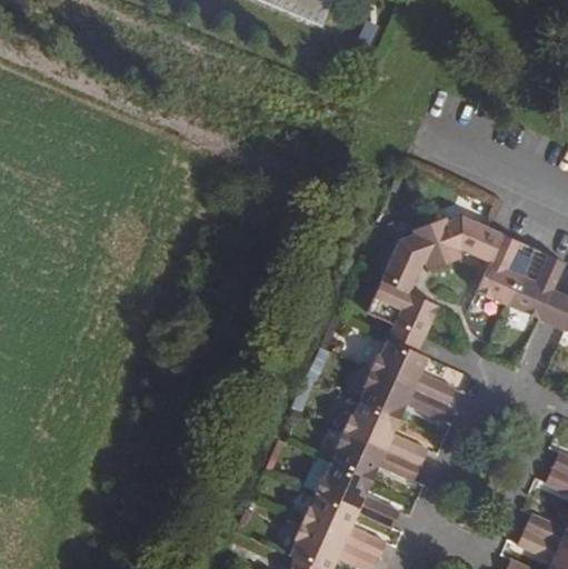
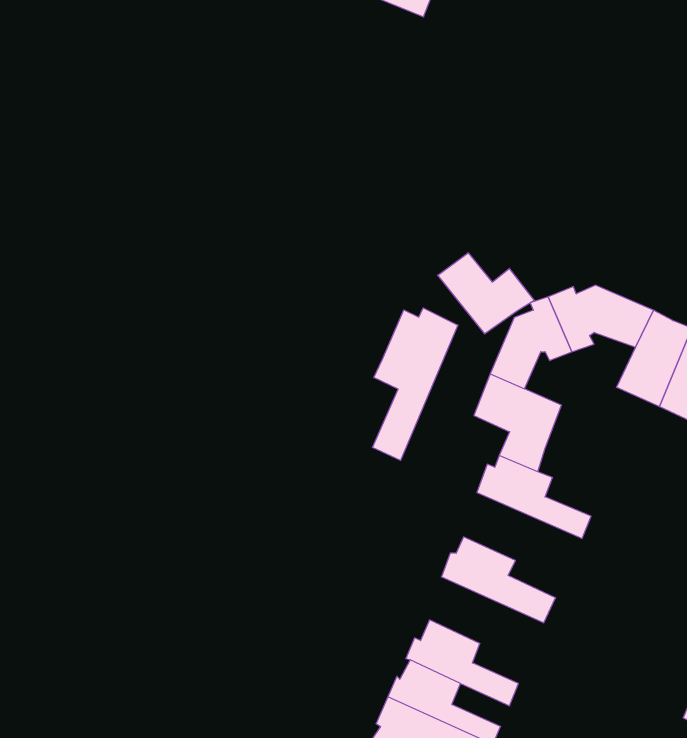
building: none -> [438,253,534,334]
building: none -> [372,308,458,460]
building: [359,370,448,421] -> none
building: [333,433,419,483] -> none

